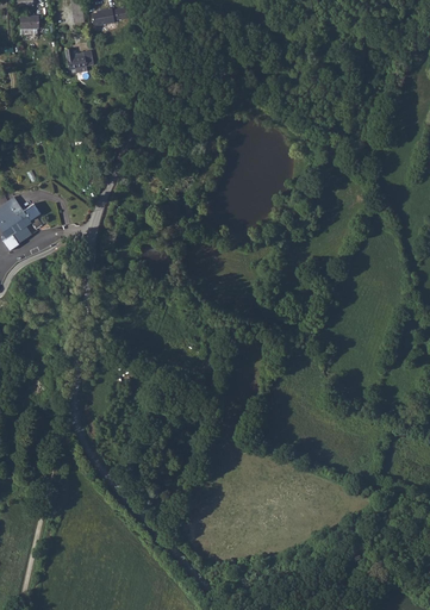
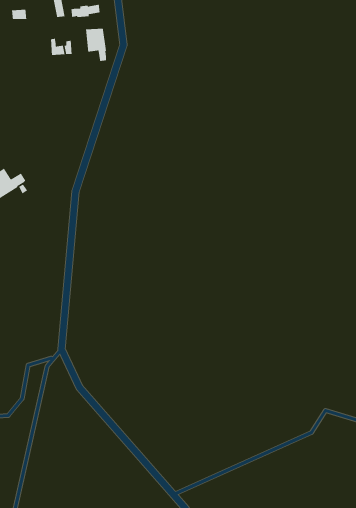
building: none -> [85,28,107,62]

